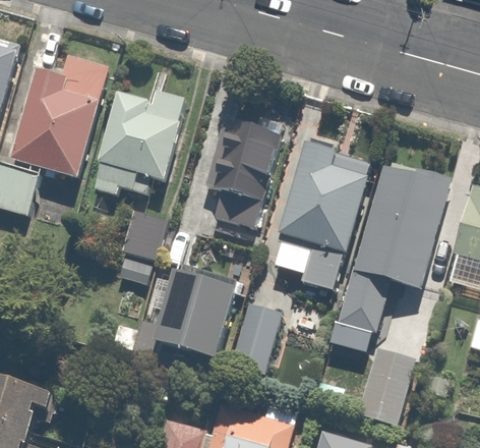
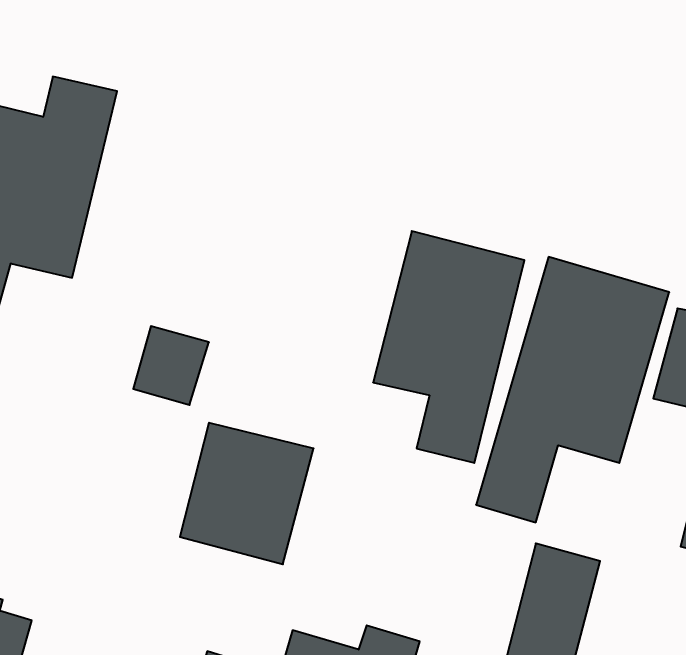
building: [93,91,184,195] -> none
building: [191,110,280,229] -> none
building: [229,302,281,376] -> none

